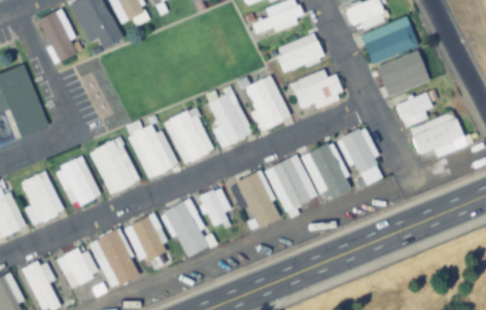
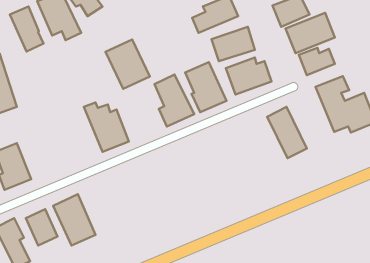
building: [163,107,214,165] -> [106,39,150,89]
building: [90,137,139,196] -> none
building: [265,140,353,213] -> none
building: [55,156,100,208] -> none
building: [229,172,279,231] -> none
building: [204,188,231,229] -> none
building: [162,198,211,259] -> none
building: [125,215,166,263] -> none

